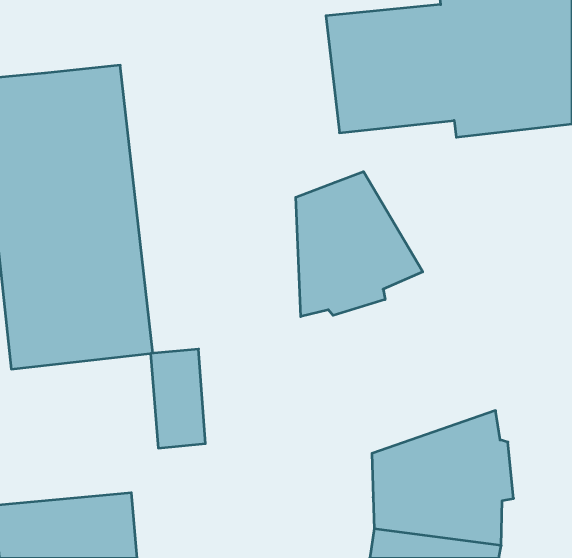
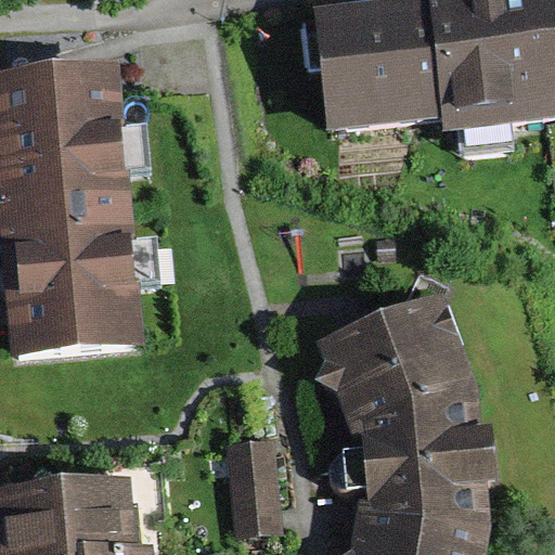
building: [296,172,423,317] -> none
building: none -> [321,294,478,437]
building: [150,349,205,448] -> [224,435,278,530]

